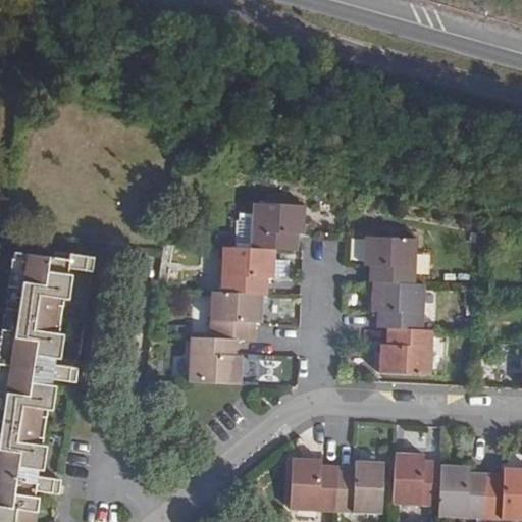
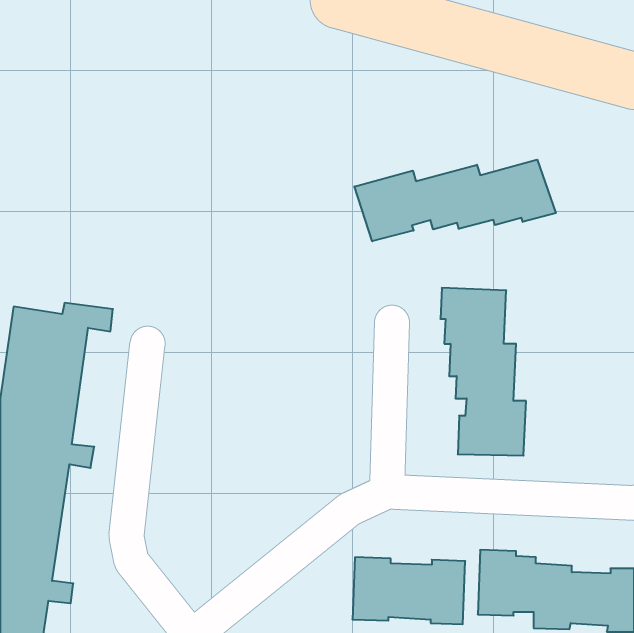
building: none -> [354,160,556,241]
building: [187,204,305,383] -> none

